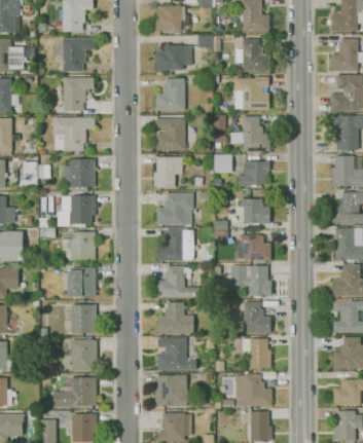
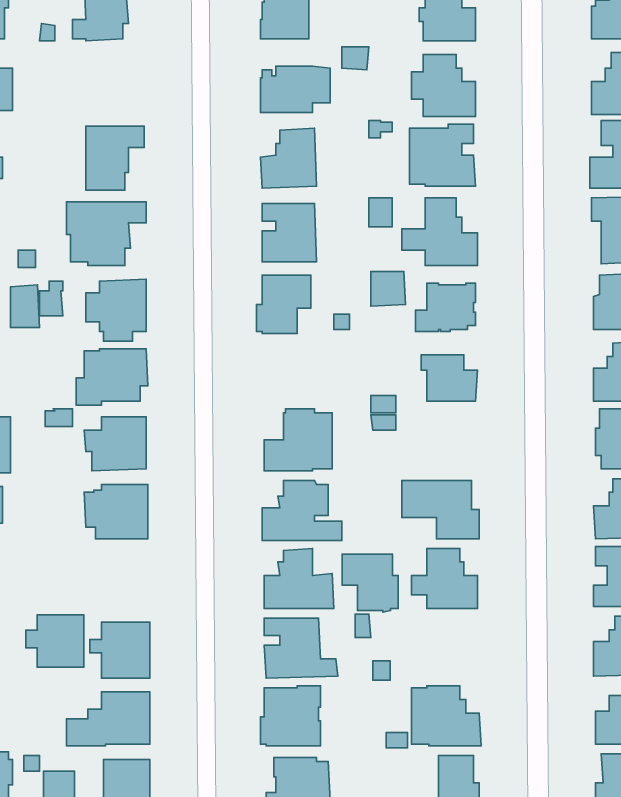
building: [63,38,95,71] -> none
building: [156,192,193,224] -> none
building: [233,234,270,260] -> none
building: [65,304,96,332] -> [26,615,84,667]
building: [242,338,271,369] -> [342,554,398,612]

